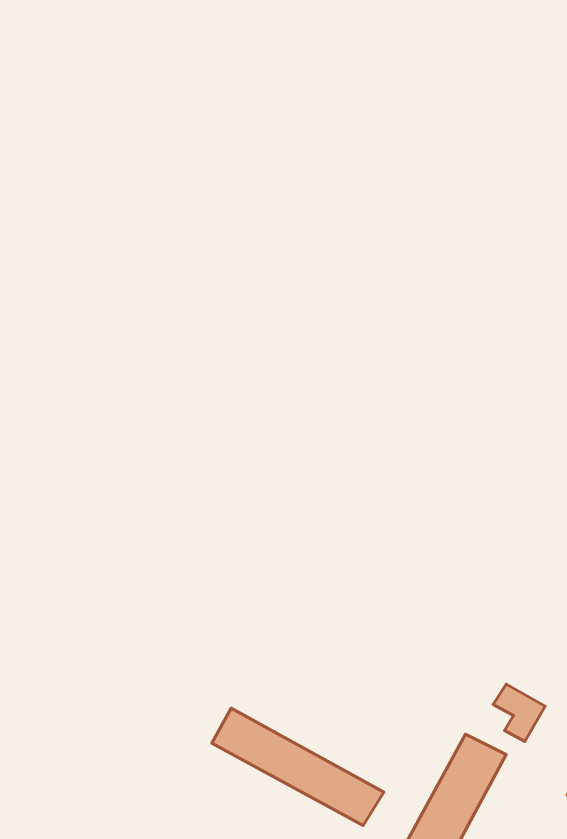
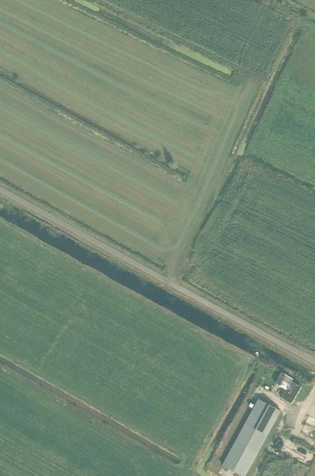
building: [212,708,384,826] -> none

